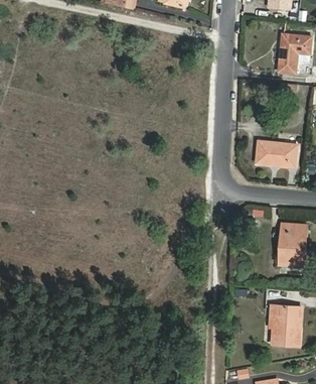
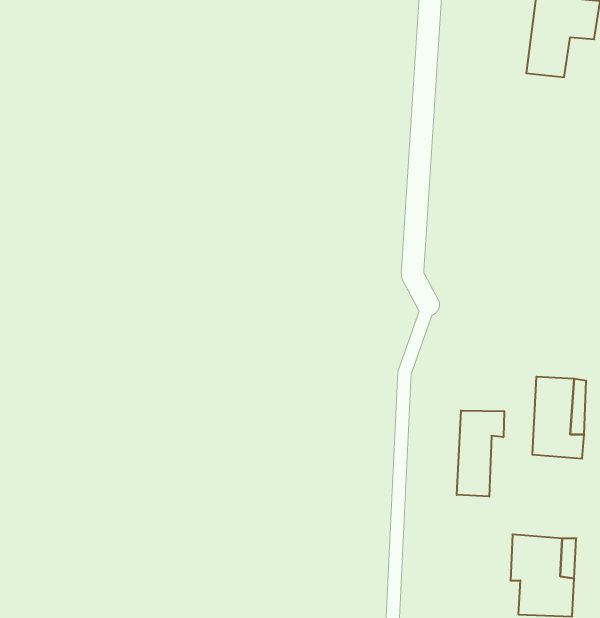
building: [257,140,297,167] -> none
building: none -> [457,410,504,497]

